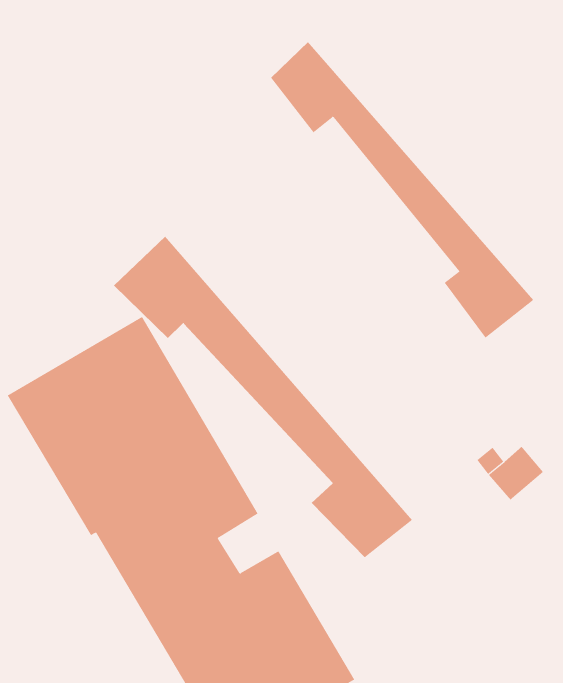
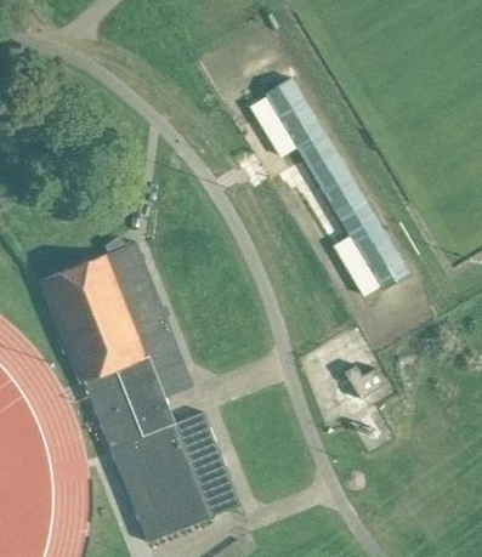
building: [113,236,413,558] -> none

